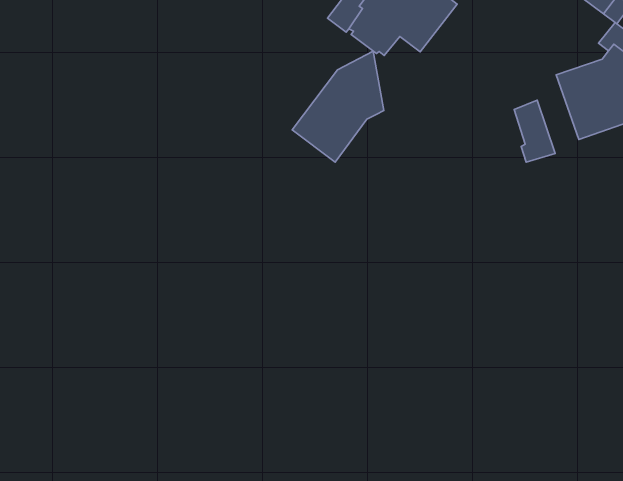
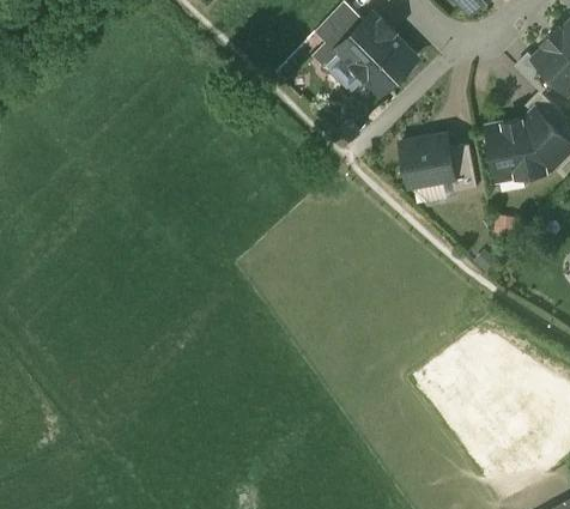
building: [292,51,384,162] -> none
building: none -> [401,135,455,187]

